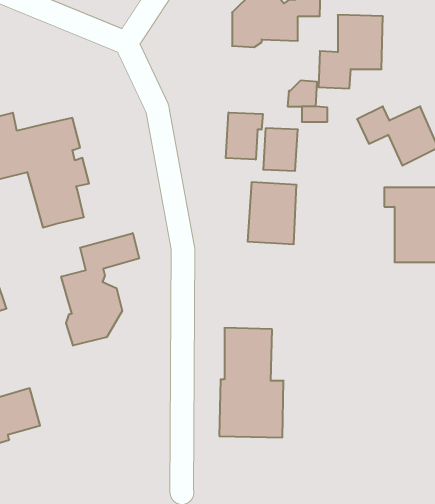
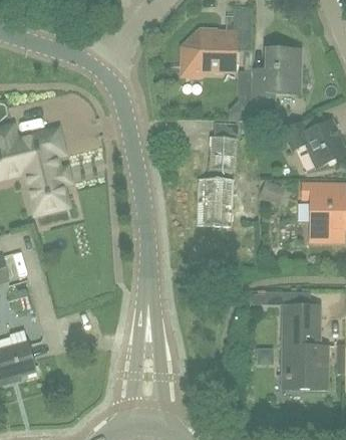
building: [226,112,263,160] -> none
building: [61,233,139,346] -> none
building: [219,328,284,437] -> [279,302,329,388]

